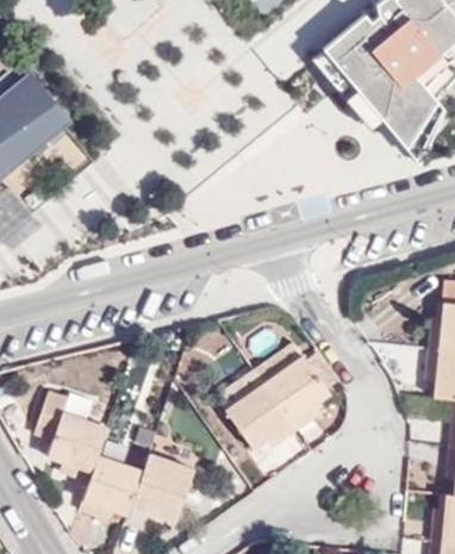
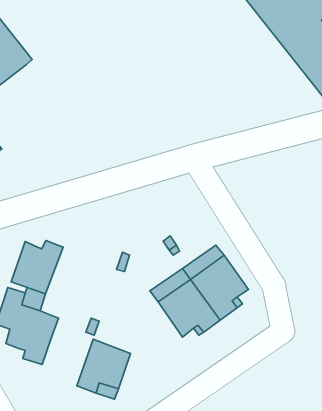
building: none -> [11,240,63,294]
building: [80,454,143,519] -> none

